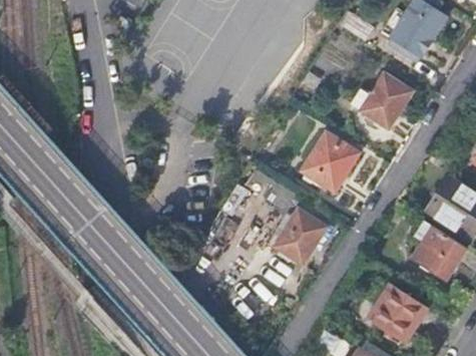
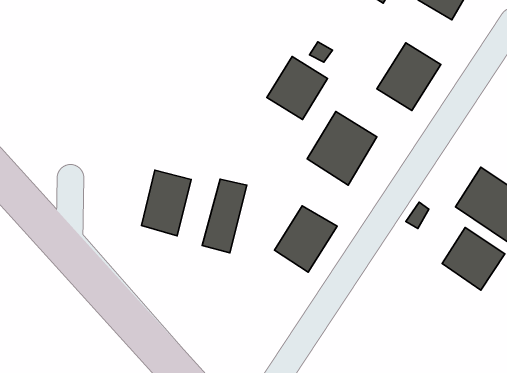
building: none -> [267,57,327,120]
building: none -> [142,170,191,236]
building: [368,285,426,341] -> none

